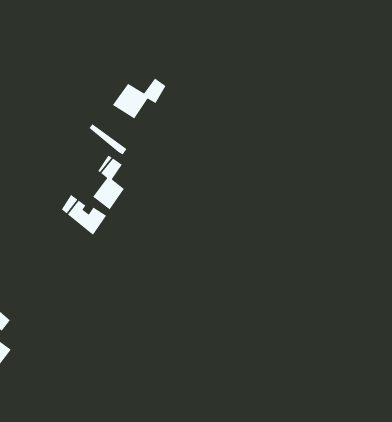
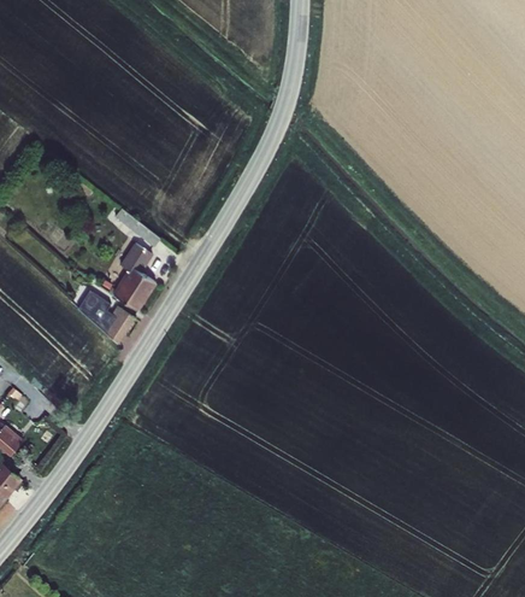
building: [112,78,166,120] -> none

